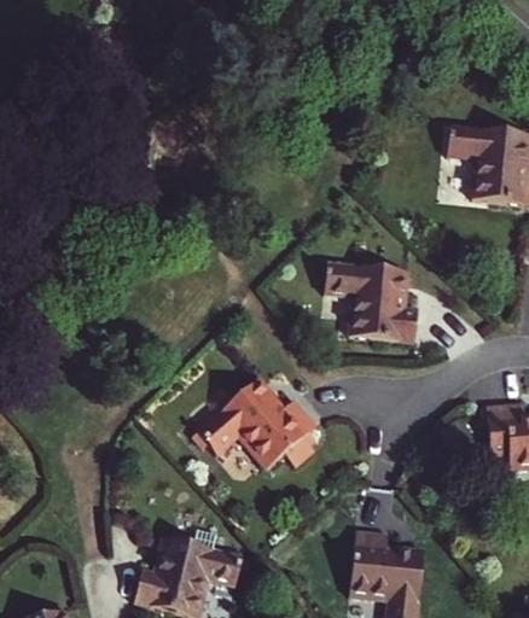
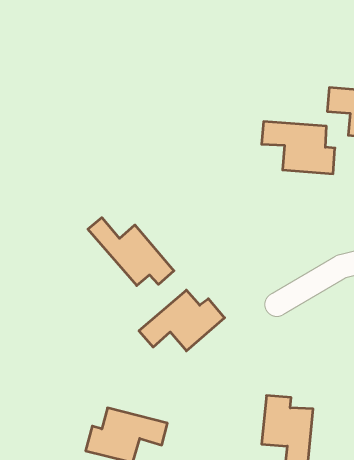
building: [314,268,407,334] -> [262,122,335,174]
building: none -> [88,218,174,286]

